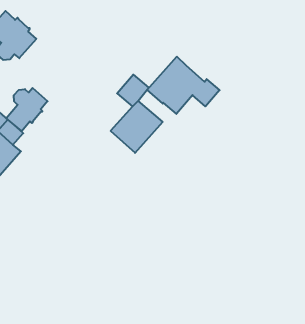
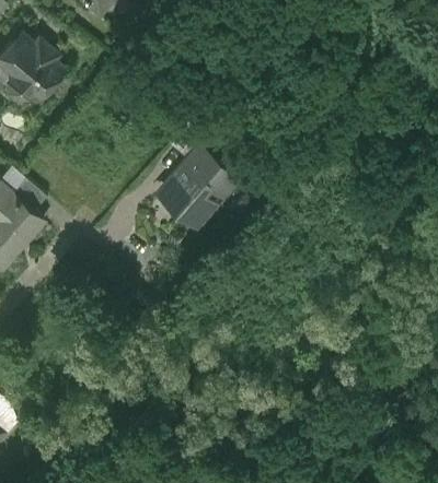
building: [147,57,220,114] -> none
building: [6,88,48,131] -> none

